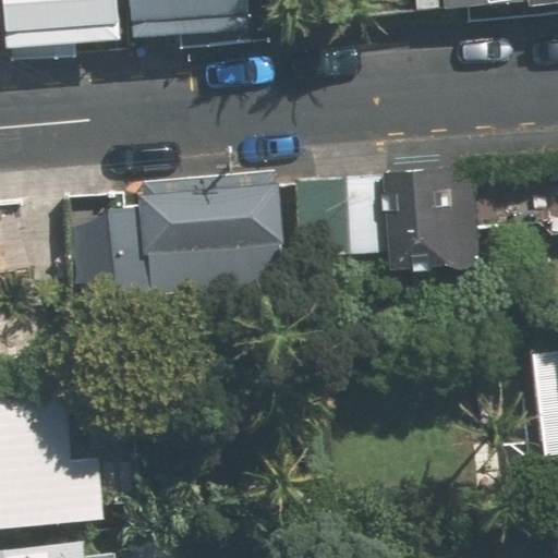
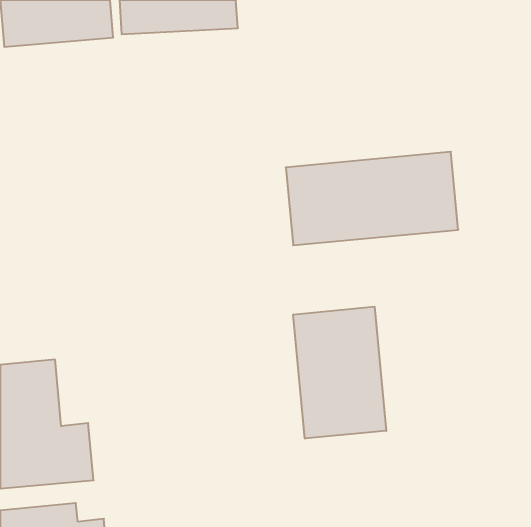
building: [109,183,281,294] -> none
building: none -> [293,307,386,439]

